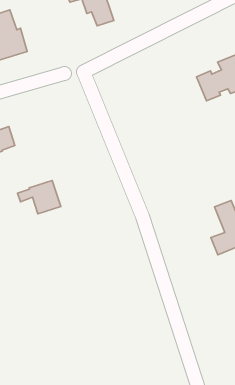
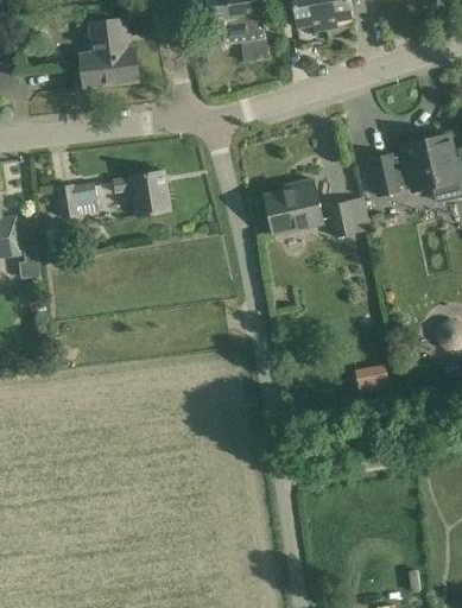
building: none -> [266,178,324,233]
building: none -> [328,200,356,238]
building: [17,180,61,214] -> [112,171,170,215]

